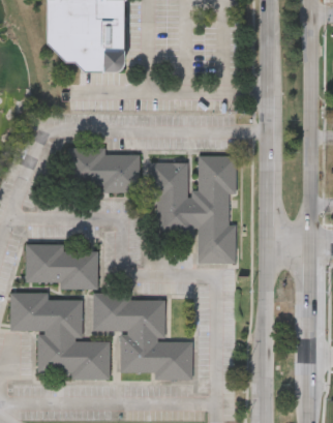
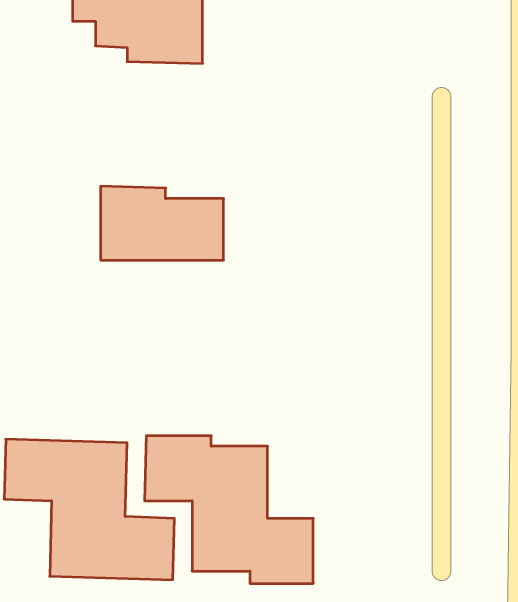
building: [150,155,237,263] -> none
building: [26,243,99,286] -> none

